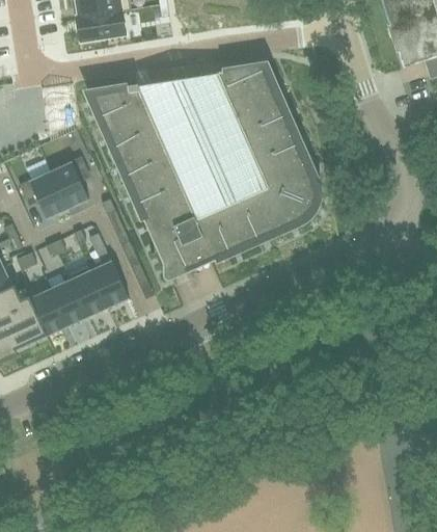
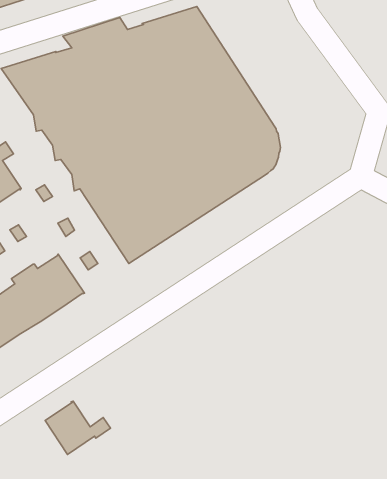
building: none -> [45,401,111,454]

